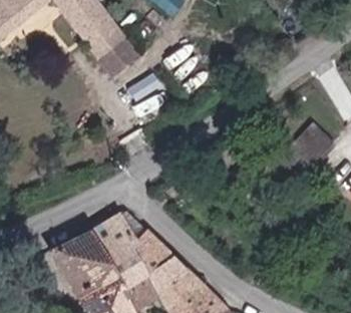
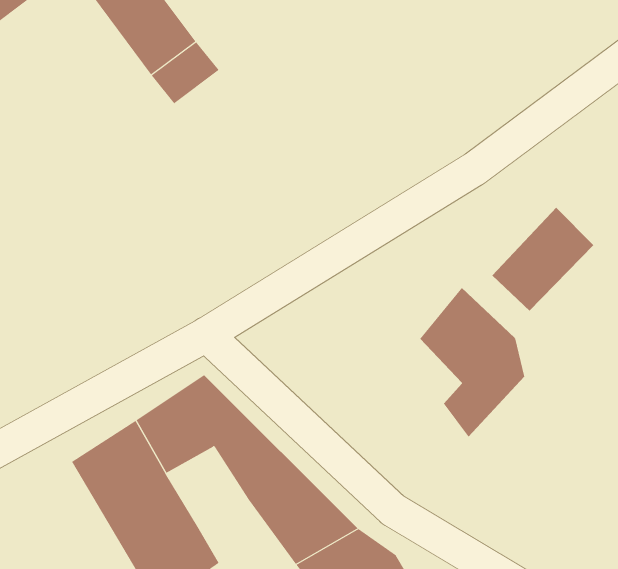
building: none -> [419,287,525,437]
building: [104,247,147,289] -> none

